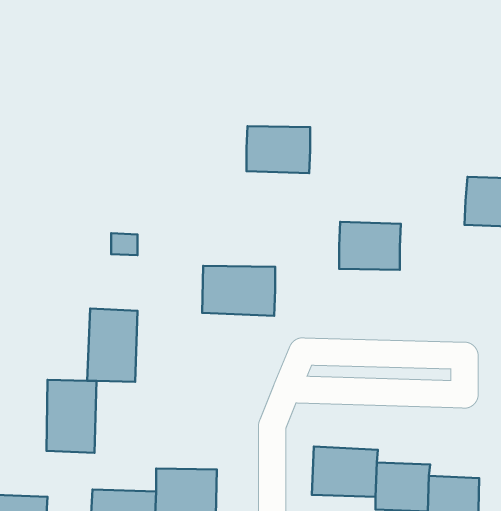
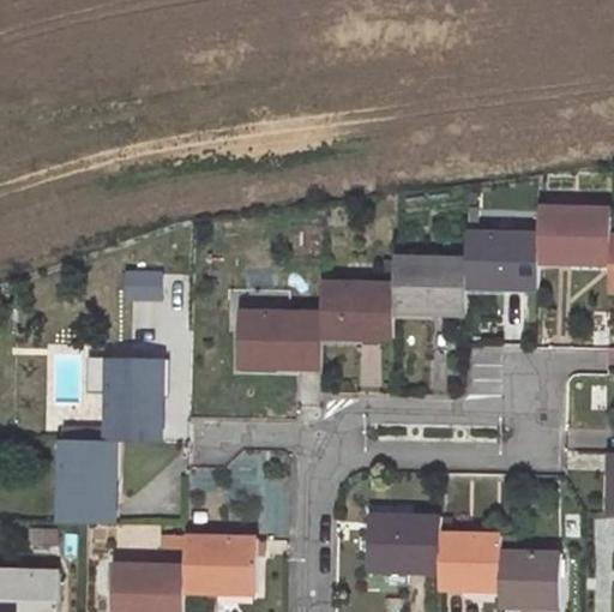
building: [247,126,310,173] -> [321,284,395,338]
building: none -> [464,232,540,288]

